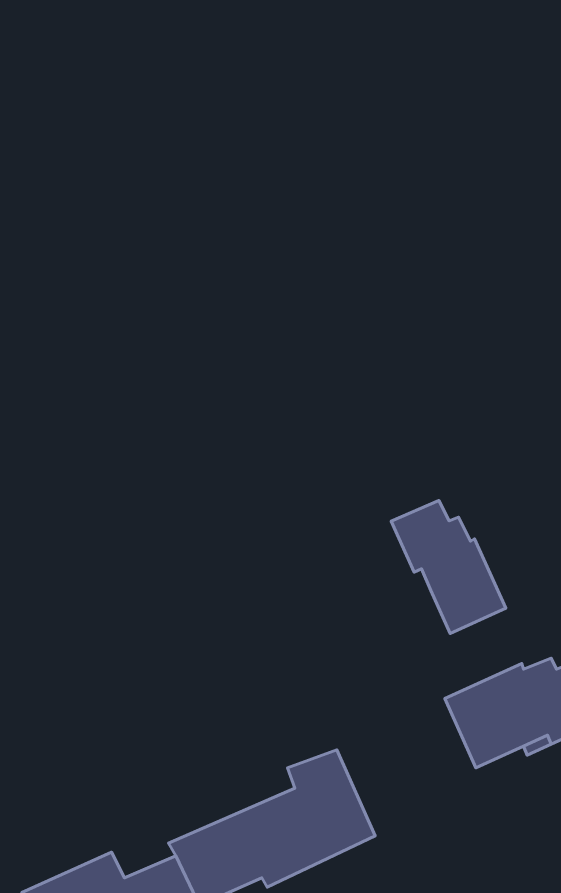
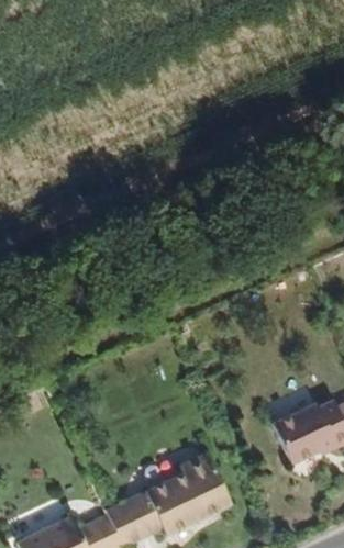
building: [391,500,506,634] -> none

